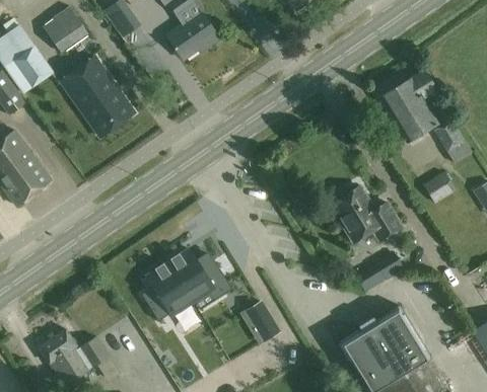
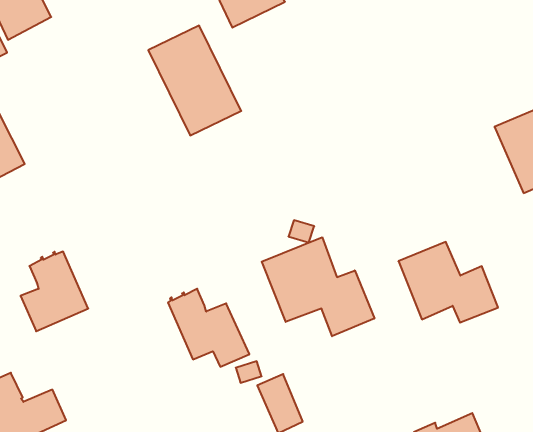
building: [61,58,134,137] -> [148,26,241,135]
building: none -> [262,237,374,336]
building: [356,253,404,293] -> none
building: [144,261,194,321] -> [20,252,88,331]

